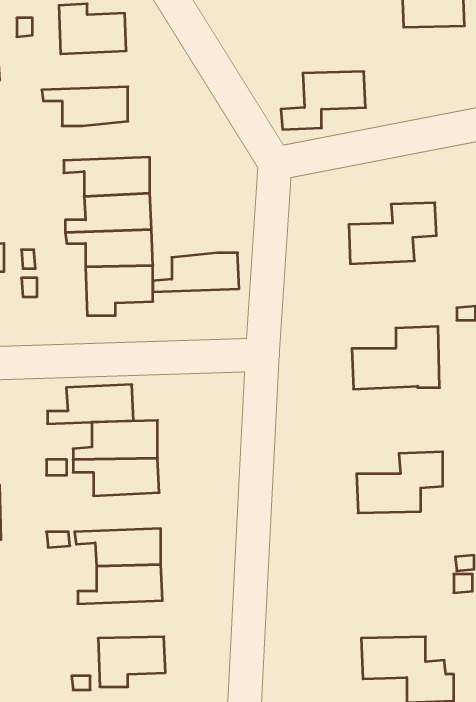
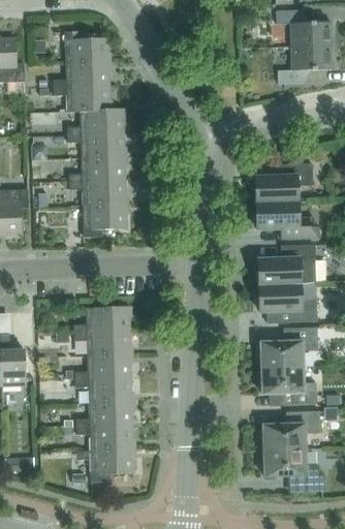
building: none -> [54,62,111,88]
building: [281,72,366,129] -> [278,45,334,84]
building: [153,253,239,292] -> [68,108,125,134]
building: none -> [257,200,320,239]
building: [47,385,134,424] -> [75,353,132,379]
building: none -> [259,283,317,321]
building: none -> [262,366,318,404]
building: none -> [263,410,321,449]
building: none -> [77,425,134,449]

